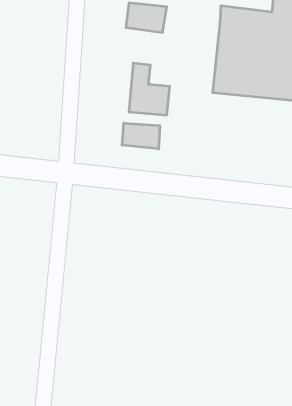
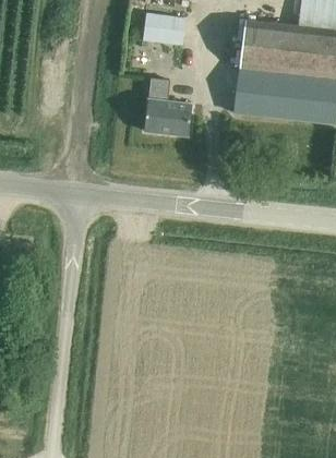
building: [122,123,160,149] -> none

